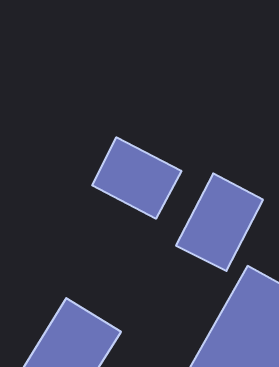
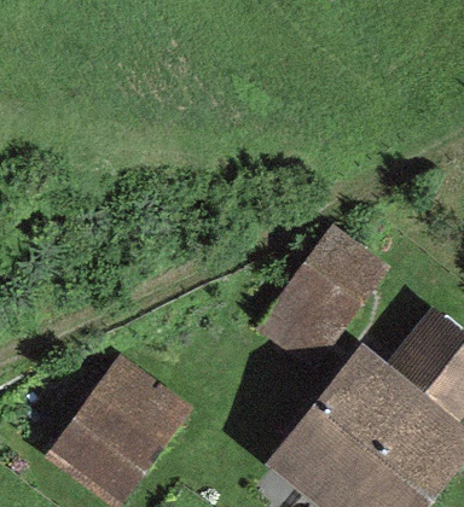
building: [92,137,181,219] -> none

